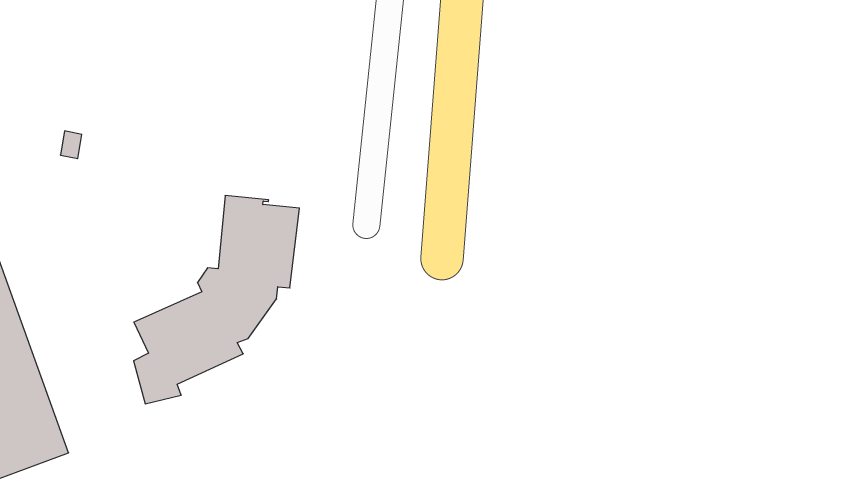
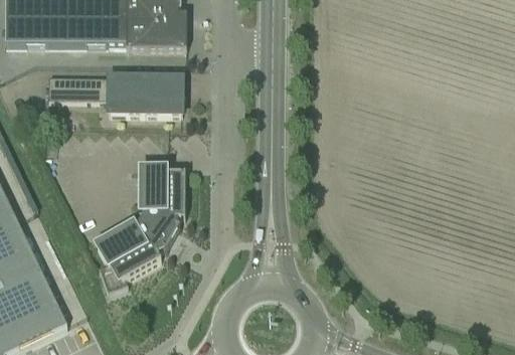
building: none -> [46,73,184,112]

